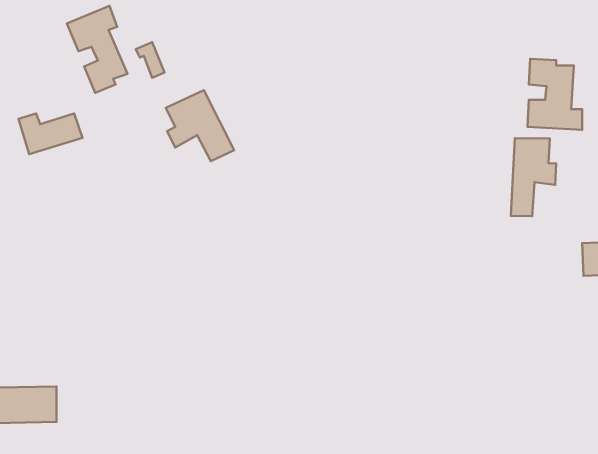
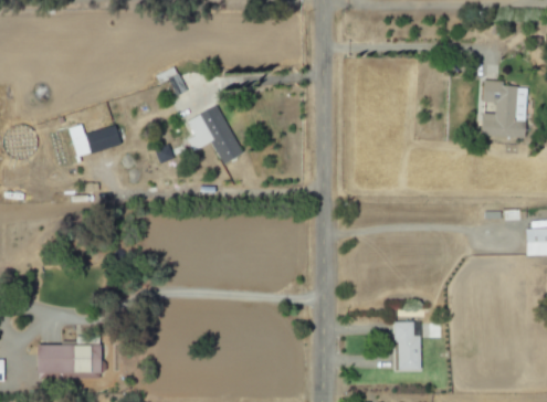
building: [67,6,127,93] -> none
building: [511,138,556,216] -> none
building: none -> [397,321,421,370]

